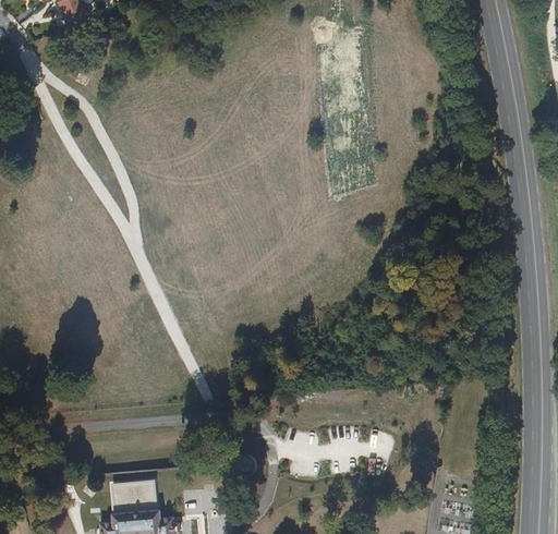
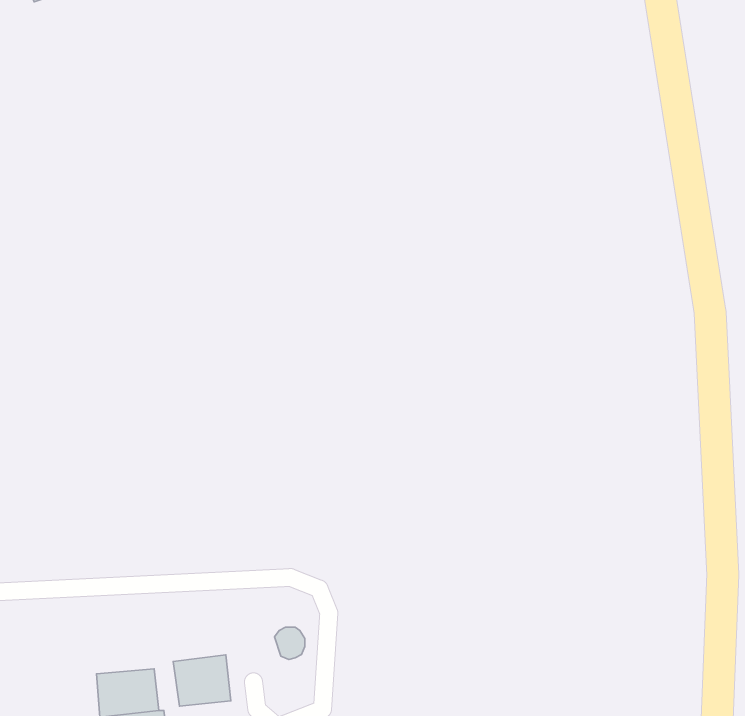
building: none -> [173,655,231,706]

